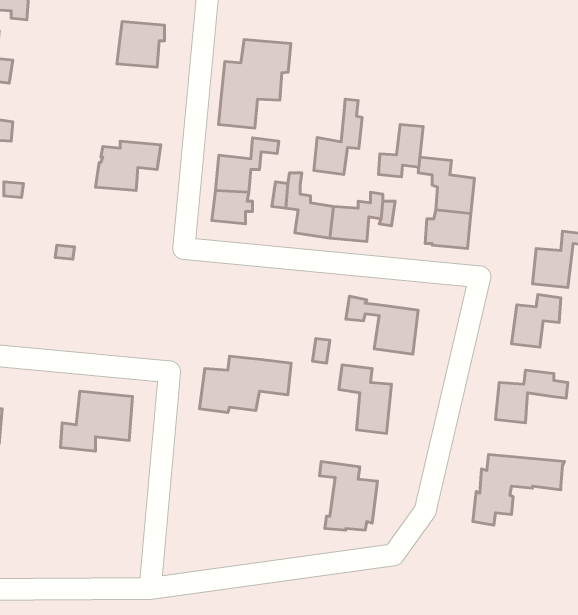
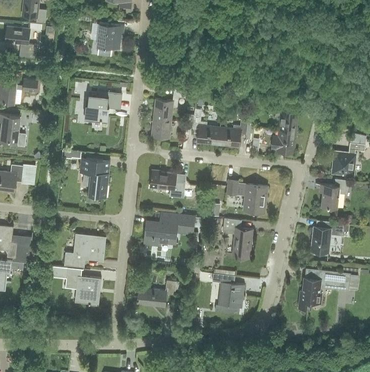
building: [219,39,291,128] -> none
building: [314,99,362,175] -> none
building: [378,124,423,177] -> none
building: none -> [82,158,110,197]
building: none -> [150,171,184,198]
building: none -> [52,266,101,304]
building: none -> [137,280,175,306]

